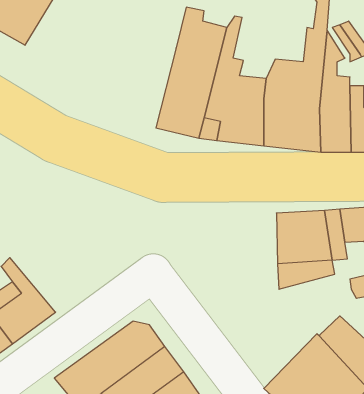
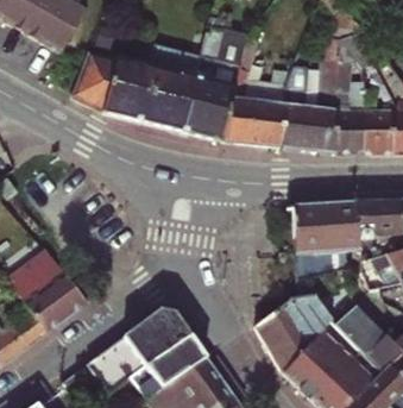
building: none -> [71,43,200,128]
building: none -> [253,297,334,372]

